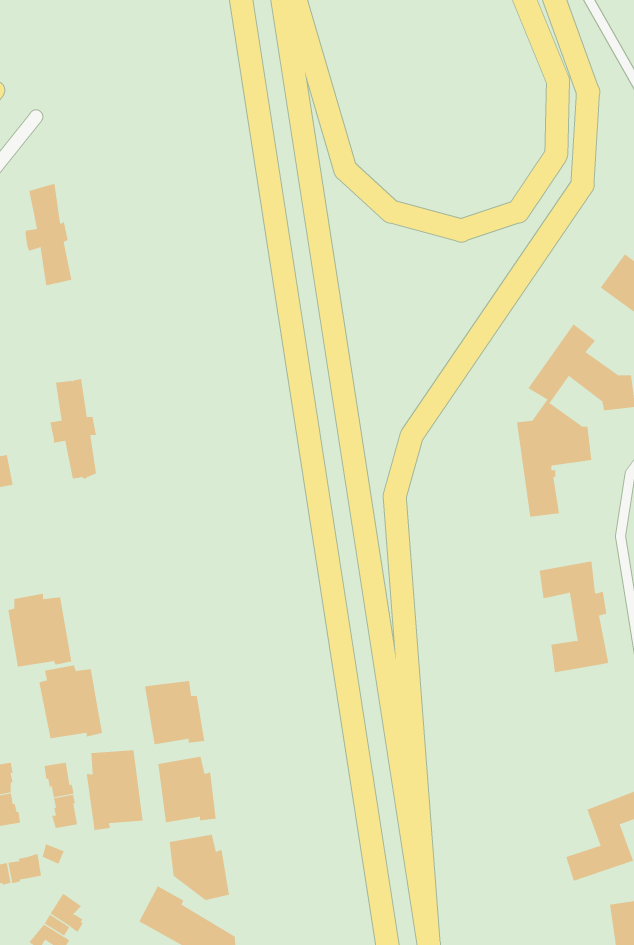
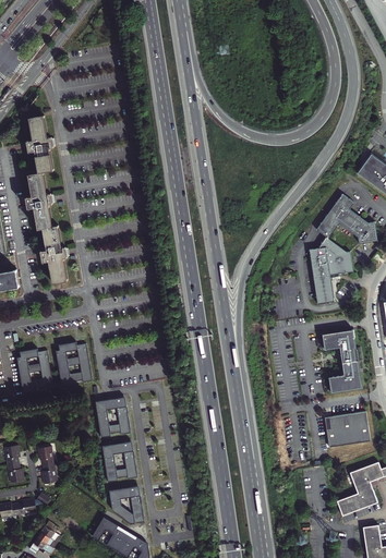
building: none -> [26,170,53,228]
building: [38,665,103,739] -> [55,341,92,384]
building: none -> [324,411,371,448]
building: [86,749,143,831] -> none

